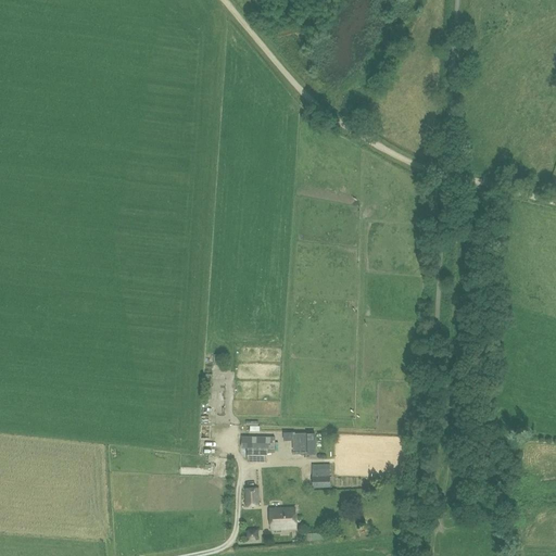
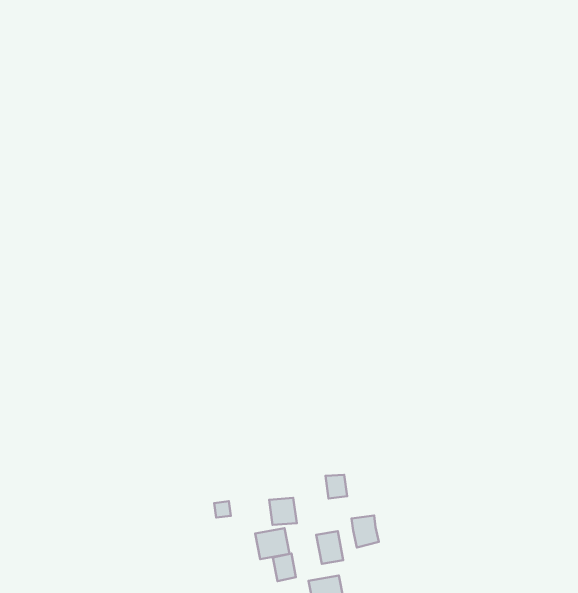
building: none -> [255,528,289,559]
building: none -> [316,531,343,564]

